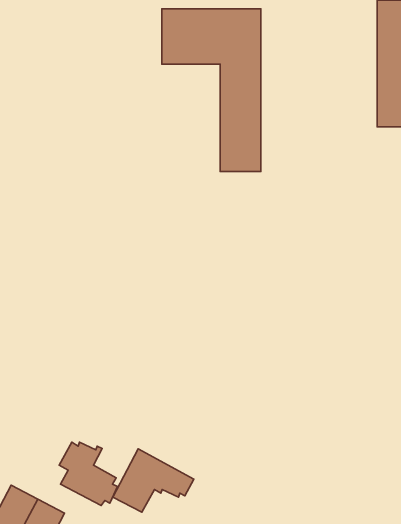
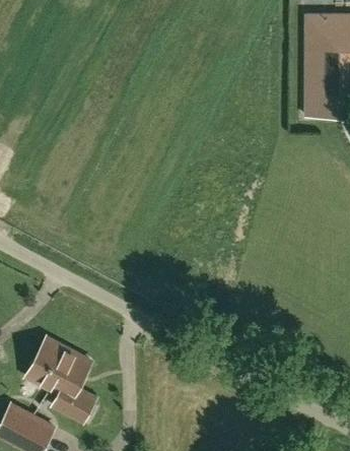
building: [162,9,261,172] -> none
building: [113,449,194,512] -> [26,338,91,389]

